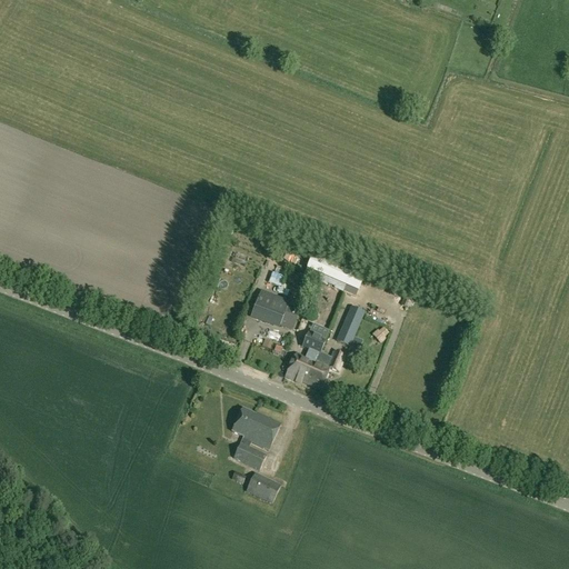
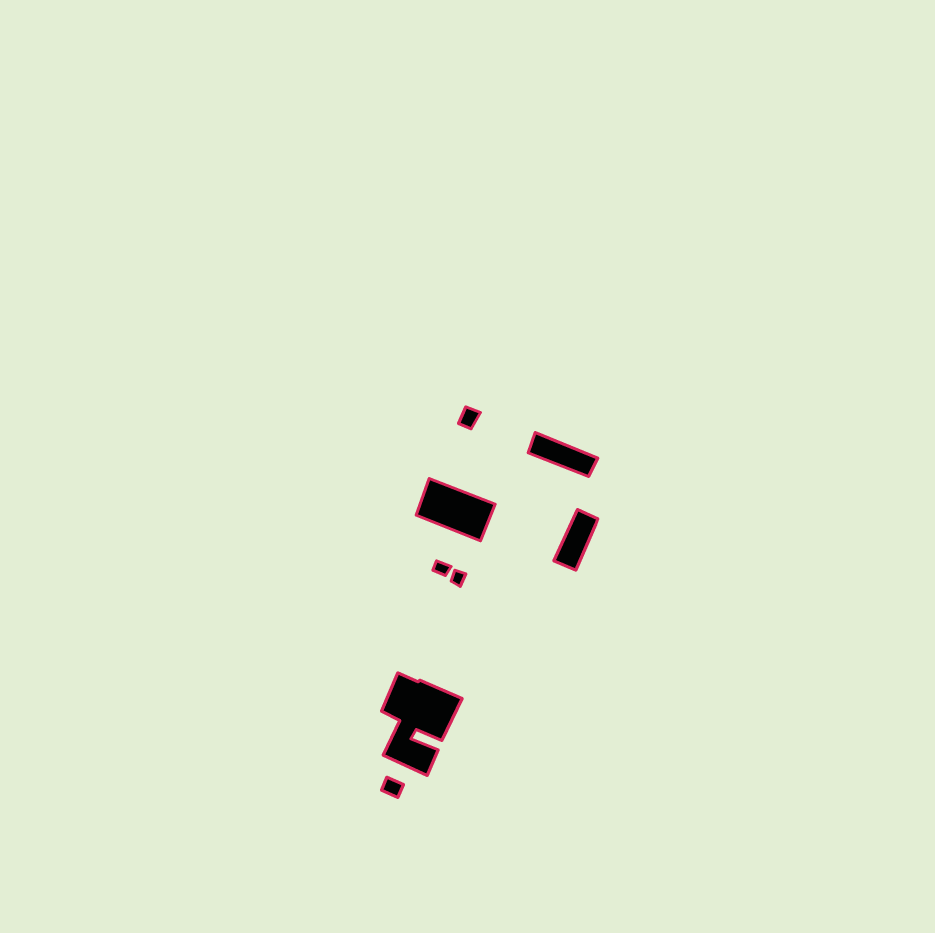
building: [284,333,345,388] -> none
building: [246,472,280,502] -> none

